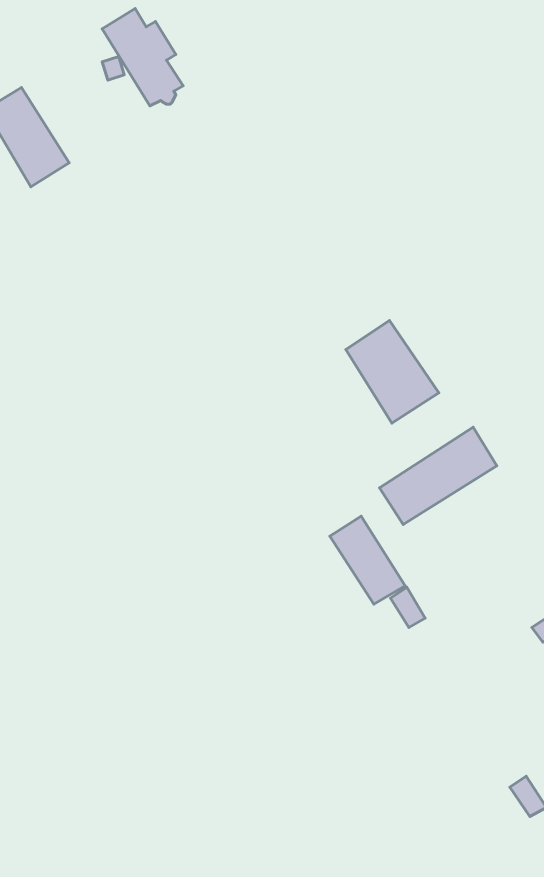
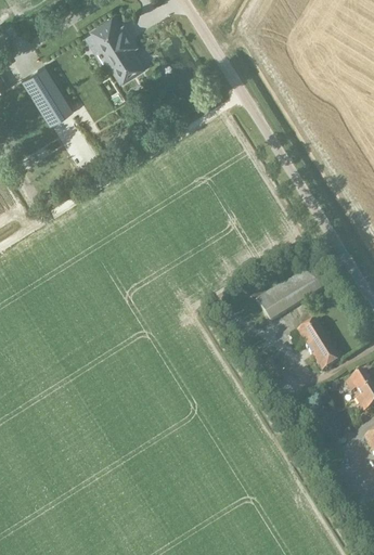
building: [346,320,439,423] -> none
building: [330,516,405,604] -> [299,318,344,370]

